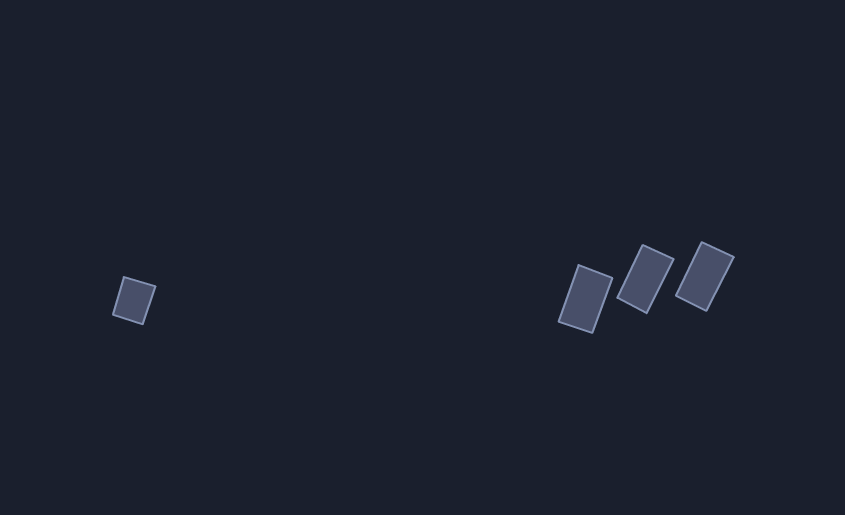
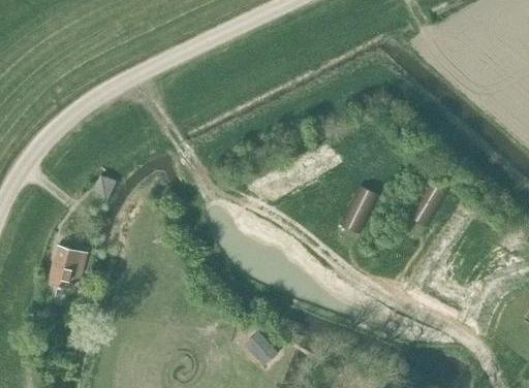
building: [617,245,674,313] -> none
building: none -> [46,251,85,295]

